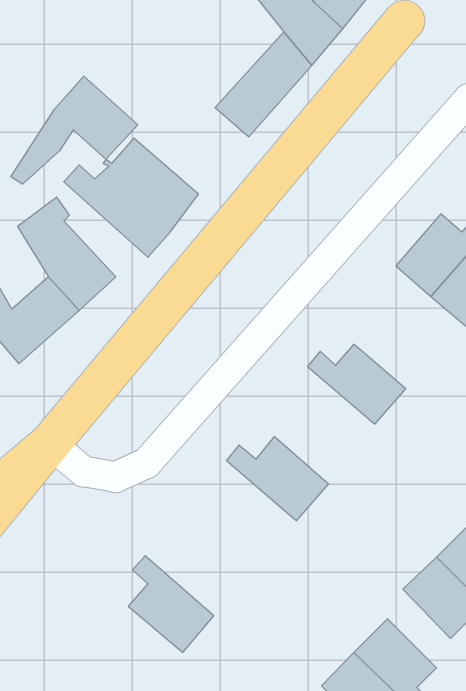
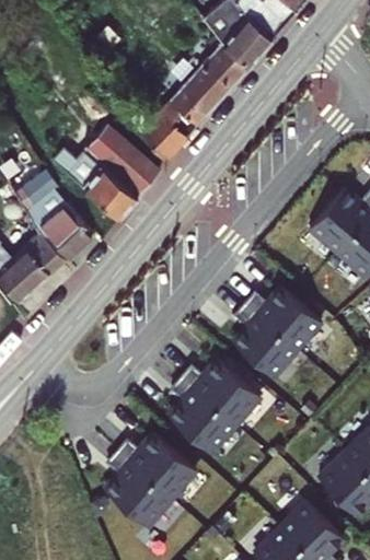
building: [11,76,138,184] -> none
building: none -> [142,103,197,163]
building: none -> [231,305,296,378]
building: none -> [167,378,234,454]
building: none -> [116,434,195,500]

